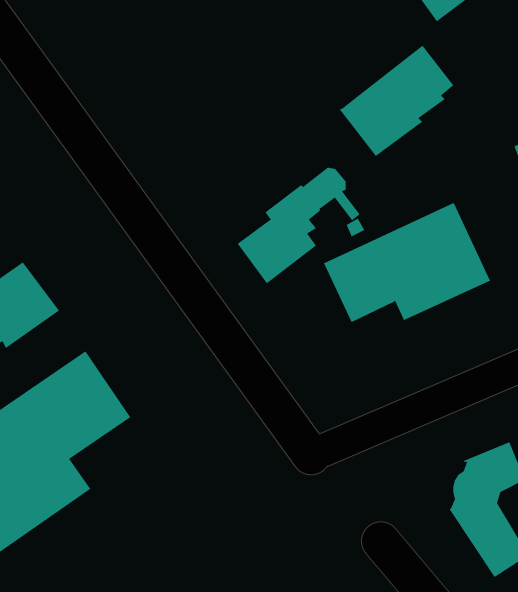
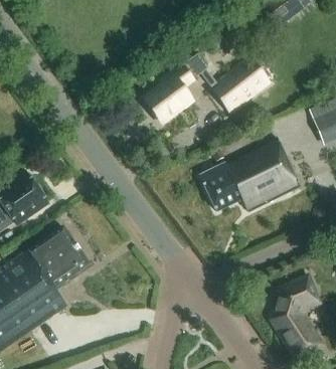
building: [237,167,361,284] -> [144,55,215,123]

